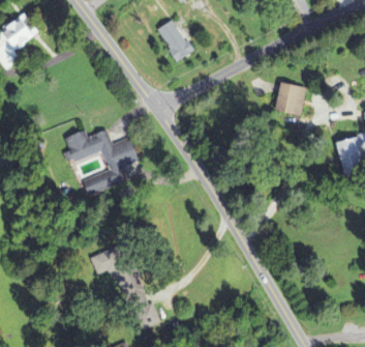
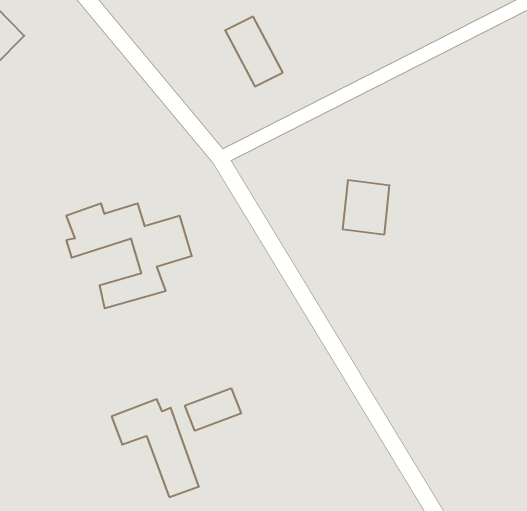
building: [277,83,305,115] -> [343,180,390,234]
building: none -> [185,388,241,431]

